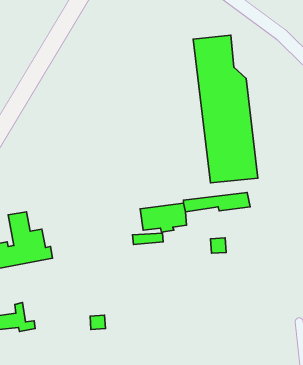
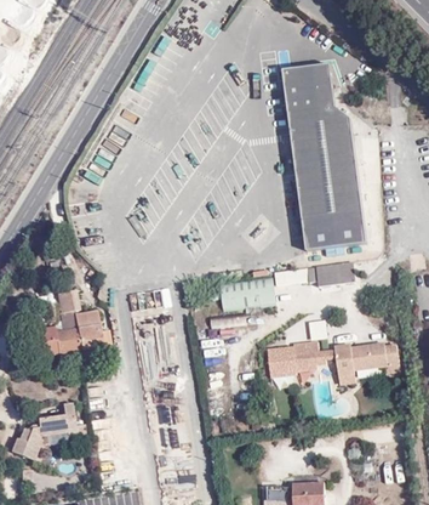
building: none -> [268,337,404,382]

